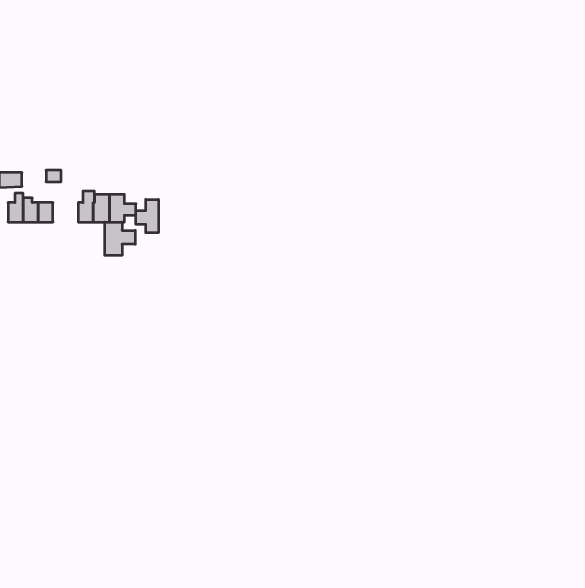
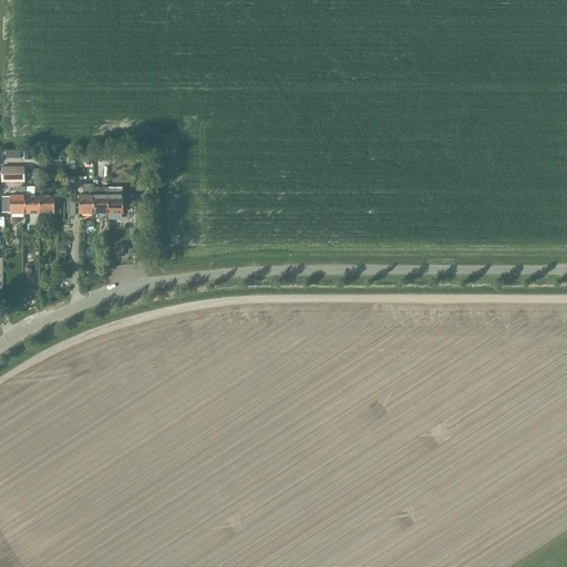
building: [136,199,158,233] -> none
building: [105,222,135,255] -> none

